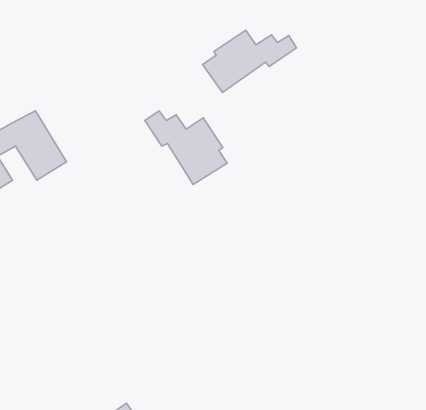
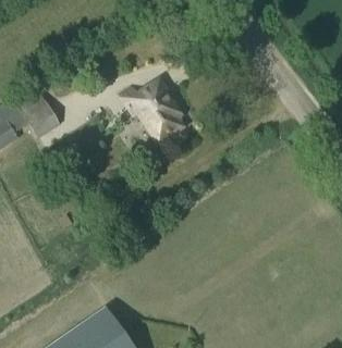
building: [202,30,297,92] -> none

